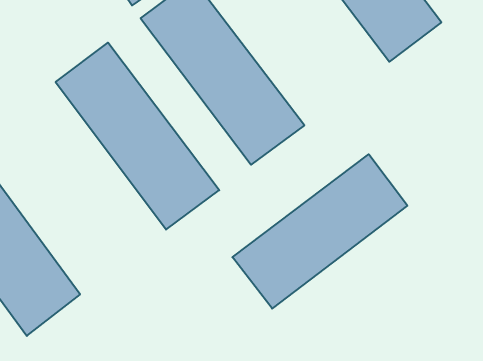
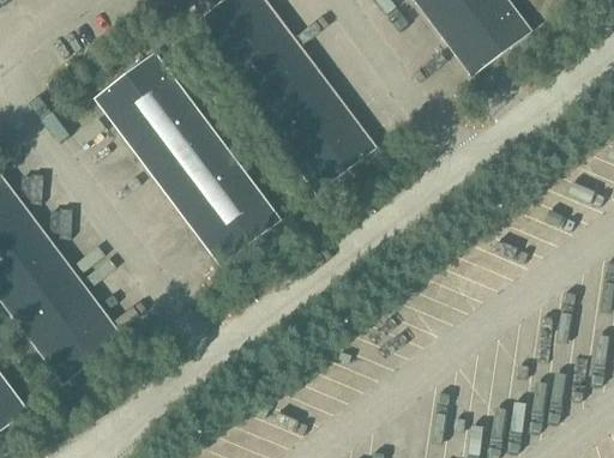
building: [232,154,407,309] -> none

